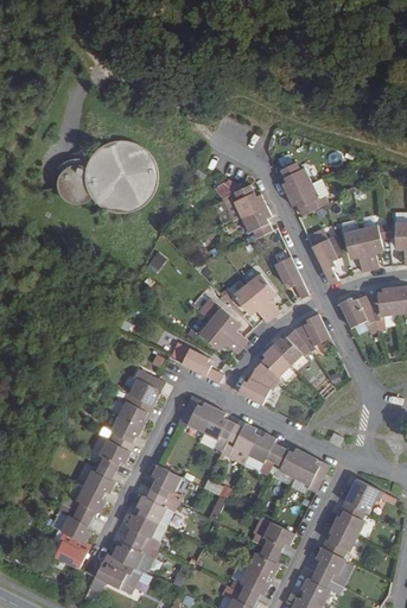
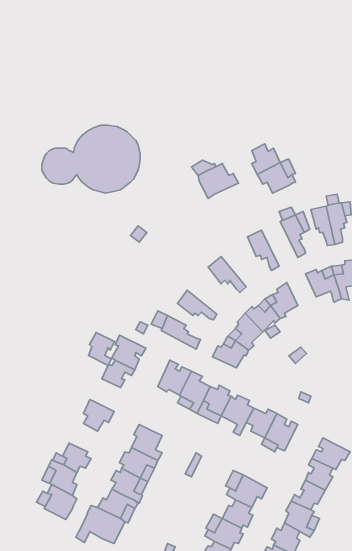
building: [237,203,269,236] -> none
building: [244,272,279,316] -> none
building: [195,296,246,346] -> none
building: [107,416,135,451] -> [88,333,115,365]
building: [80,464,113,495] -> none

